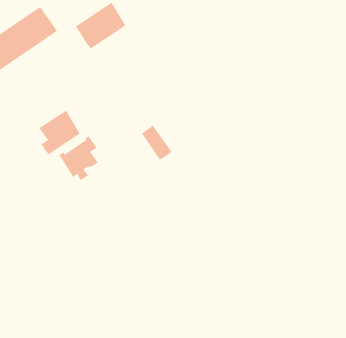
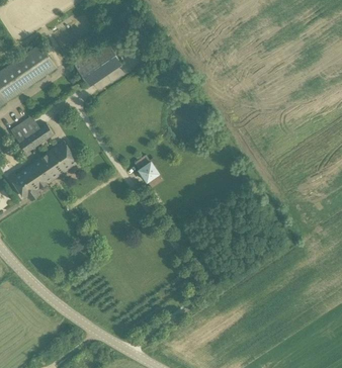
building: none -> [11,117,54,154]
building: [59,136,99,181] -> [10,159,48,201]

